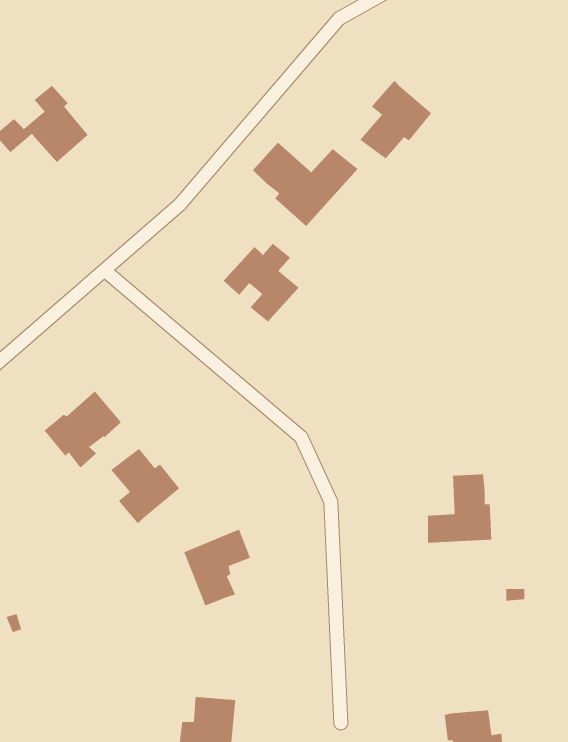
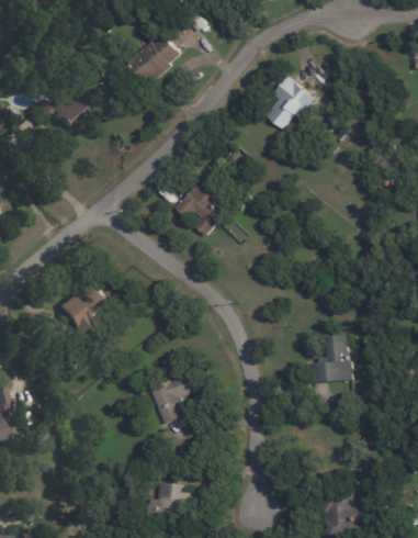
building: none -> [131,34,182,85]
building: [252,142,358,227] -> none
building: [110,448,180,524] -> none

